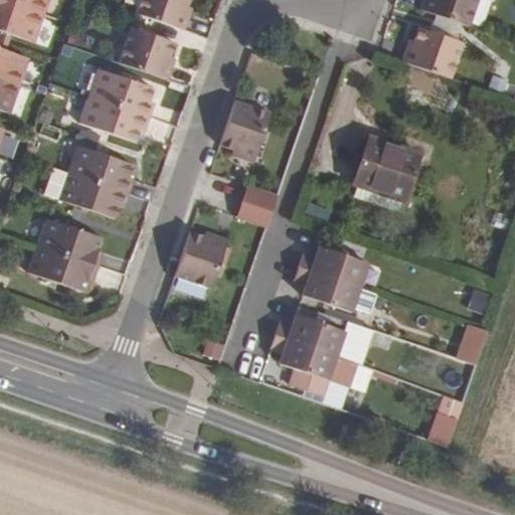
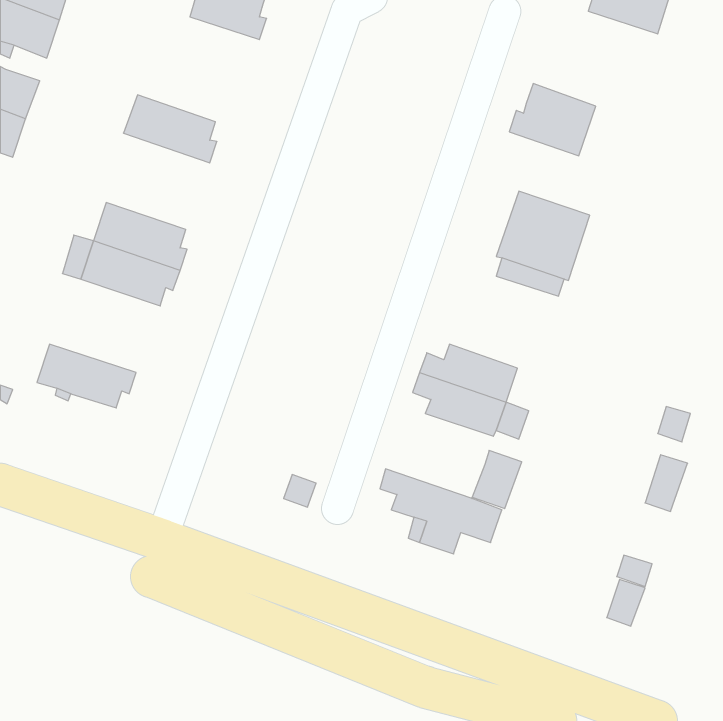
building: [119,26,175,77] -> none
building: [401,26,463,77] -> [509,84,596,156]
building: [79,95,150,141] -> none
building: [220,100,271,161] -> none
building: [237,185,278,224] -> none
building: [36,217,103,265] -> none
building: [175,230,227,287] -> none
building: [275,312,345,354] -> none

